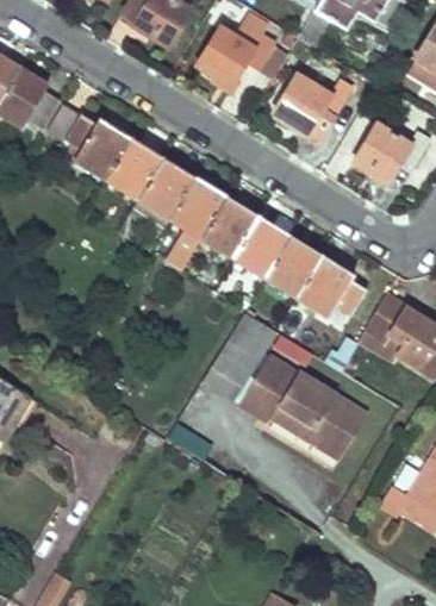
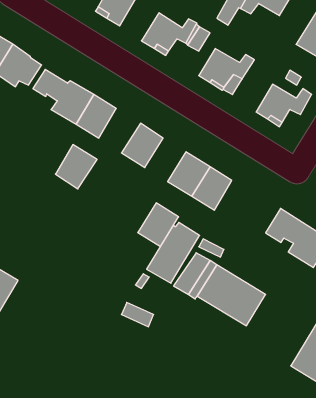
building: [137,157,194,218] -> [55,145,97,189]
building: [200,198,256,257] -> [138,203,179,246]
building: [295,256,361,316] -> none

